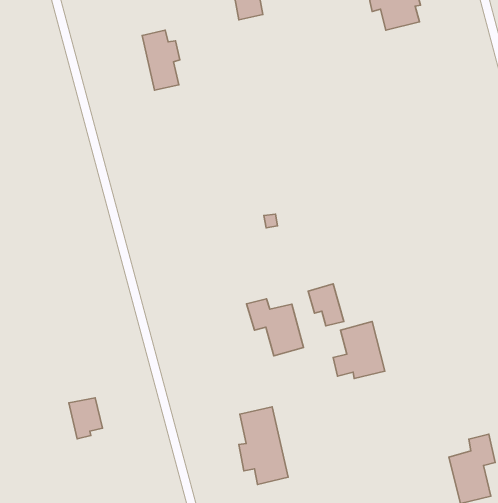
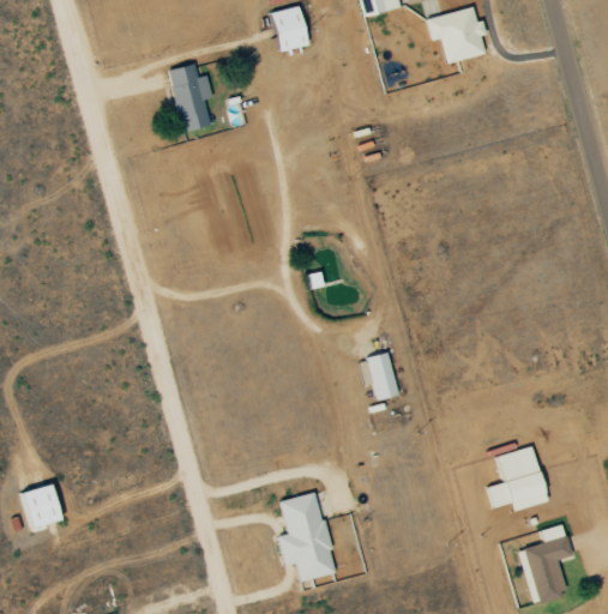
building: [247,299,304,356] -> none
building: [333,322,385,378] -> [489,445,548,510]
building: [69,398,102,439] -> [23,484,61,531]

